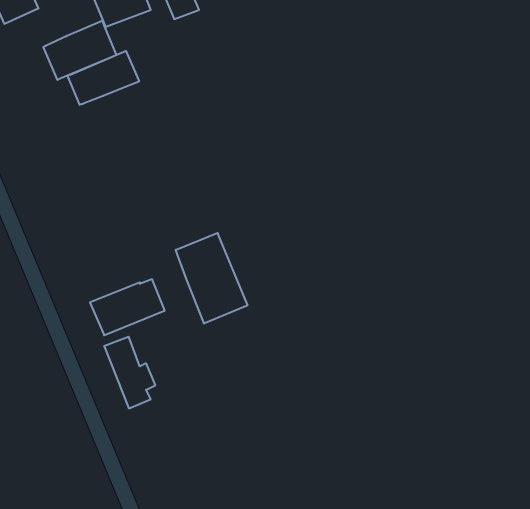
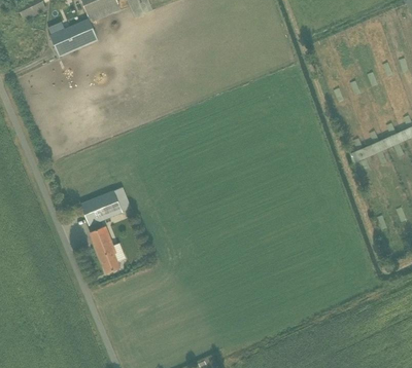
building: [68,51,139,105] -> none
building: [176,233,247,324] -> none

